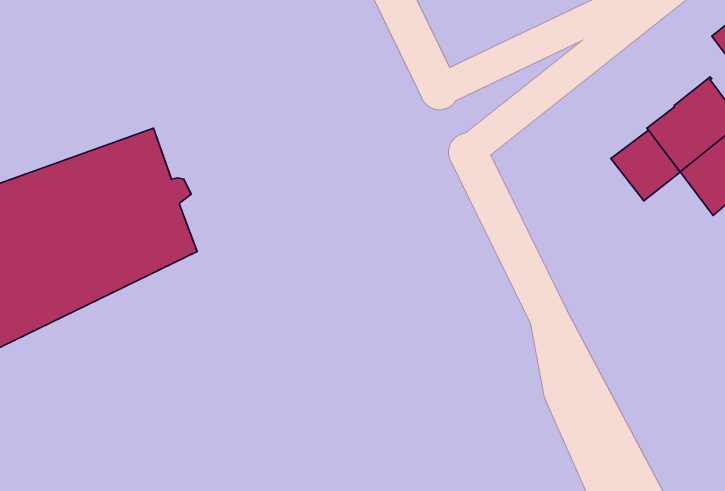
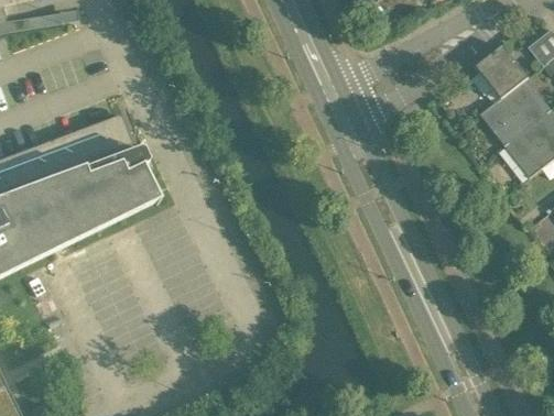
building: [611,130,680,201] -> [475,46,525,98]

